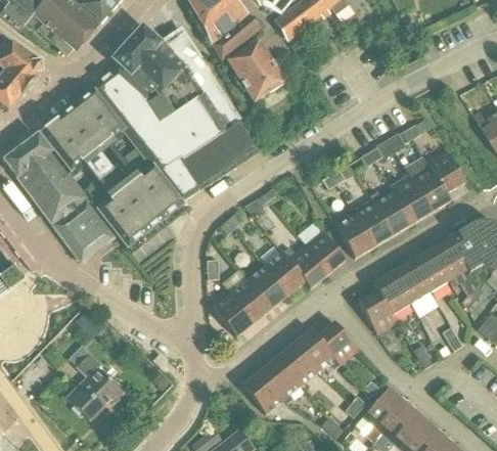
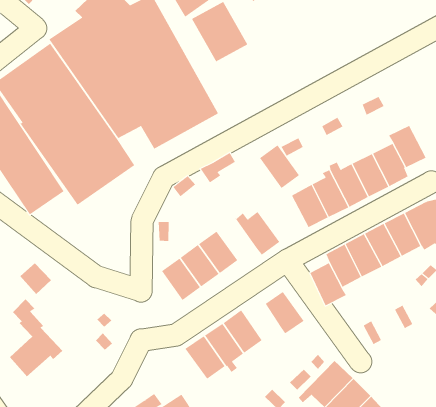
building: [304,229,345,272] -> [259,145,300,189]
building: [265,252,304,292] -> none
building: [293,327,332,369] -> none

